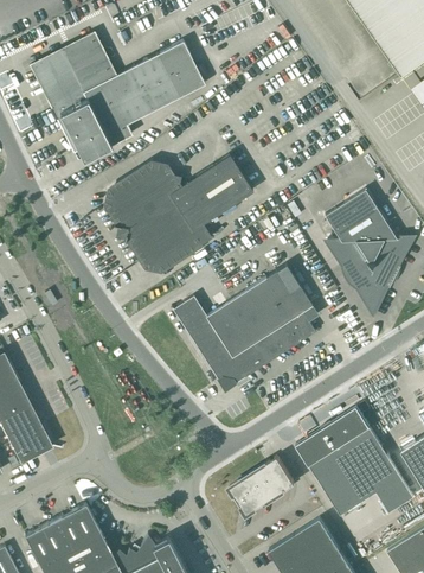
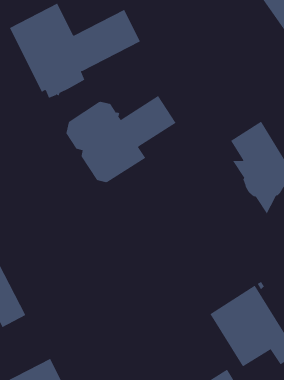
building: [171,272,315,388] -> none
building: [229,458,294,515] -> none

